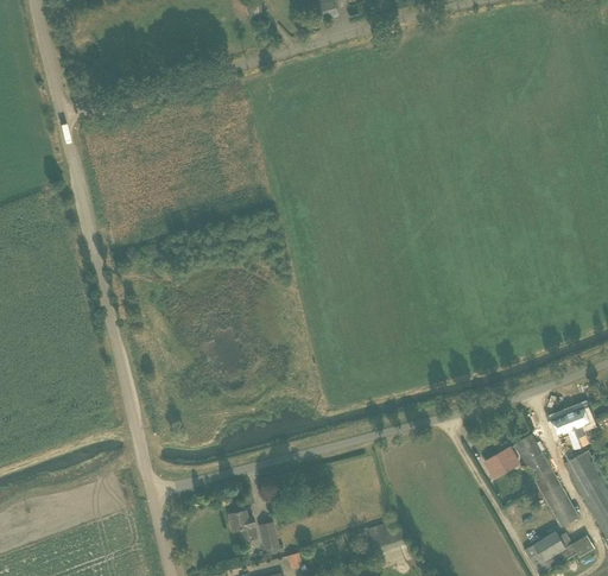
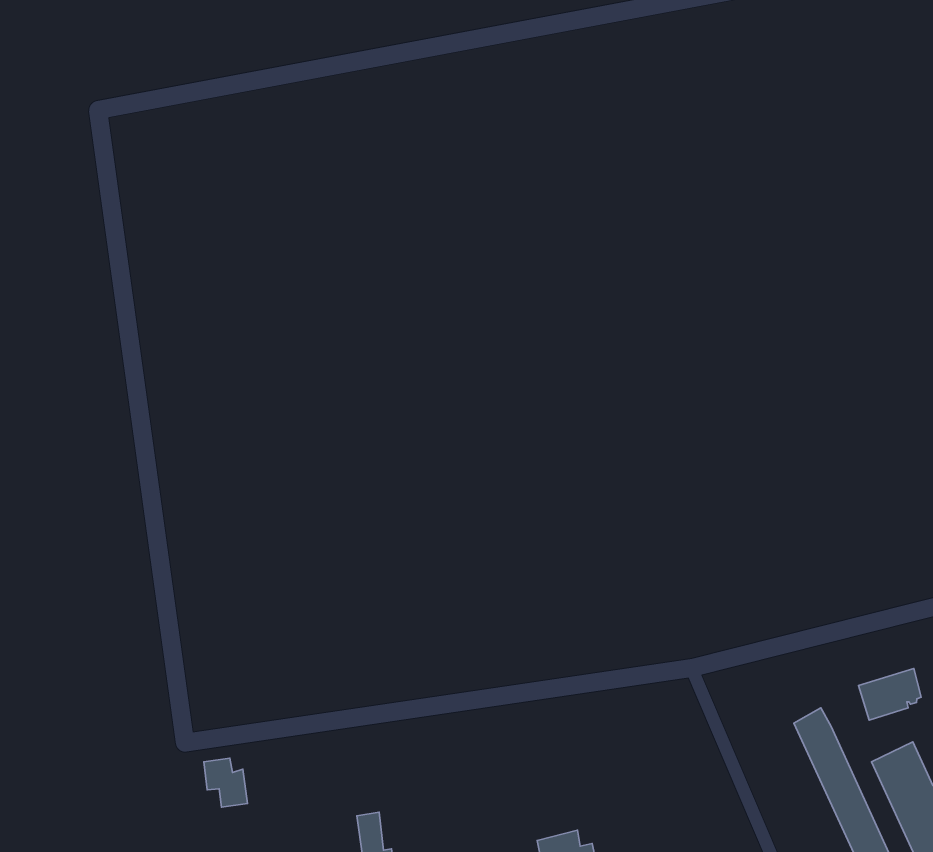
building: [486,447,519,477] -> none
building: [229,509,258,539] -> [204,758,248,807]

